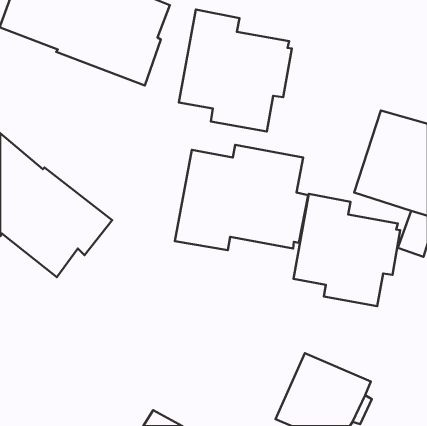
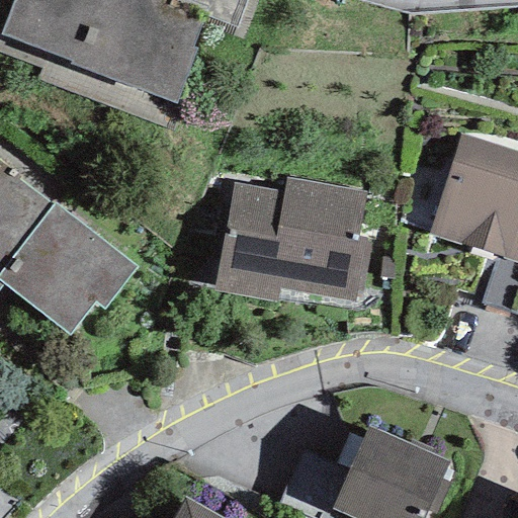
building: [179,10,292,132] -> none
building: [293,194,400,306] -> none

